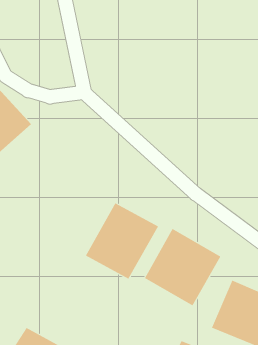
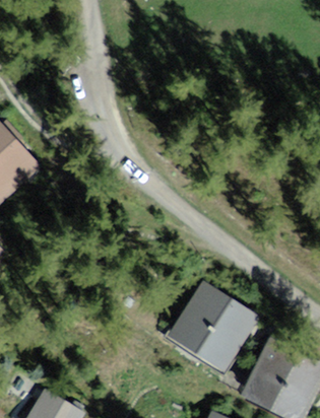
building: [85,203,159,280] -> none

